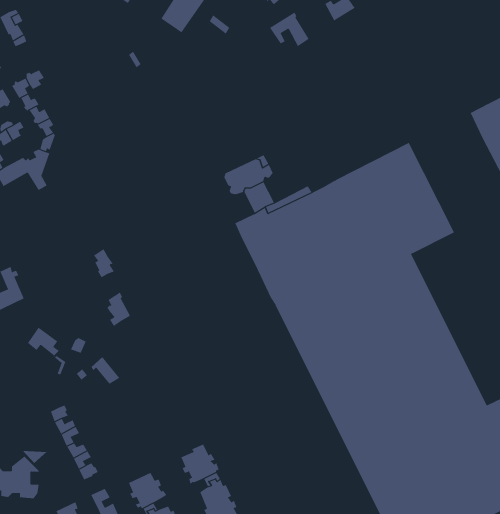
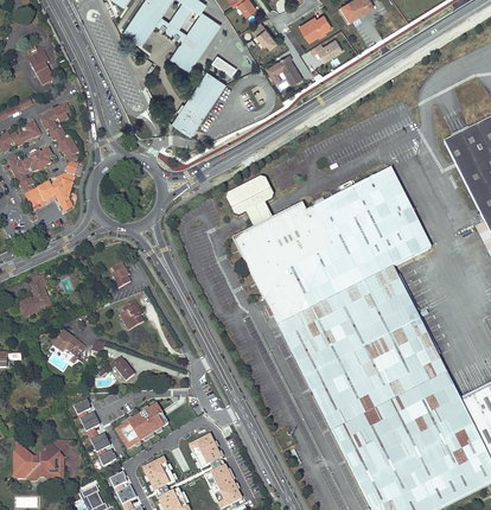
building: none -> [172,71,227,136]
building: none -> [115,403,167,448]

